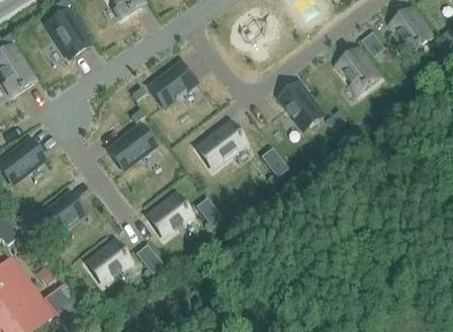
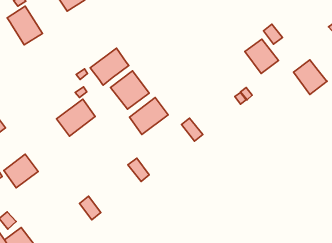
building: [391,10,433,53] -> [293,60,327,94]
building: [279,83,324,131] -> none
building: none -> [111,71,149,109]
building: [147,195,189,237] -> none
building: [86,242,128,283] -> none

